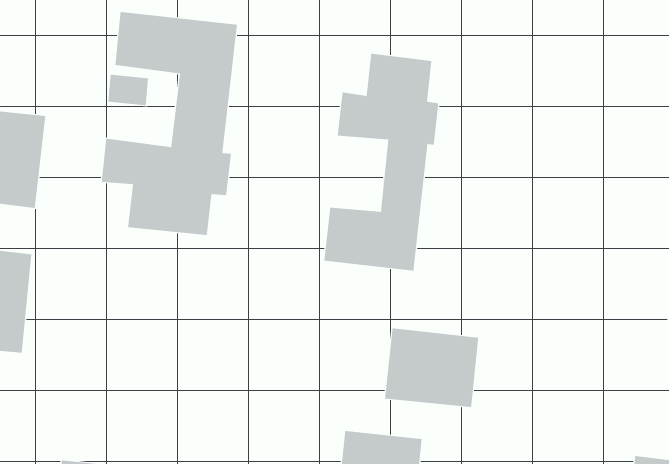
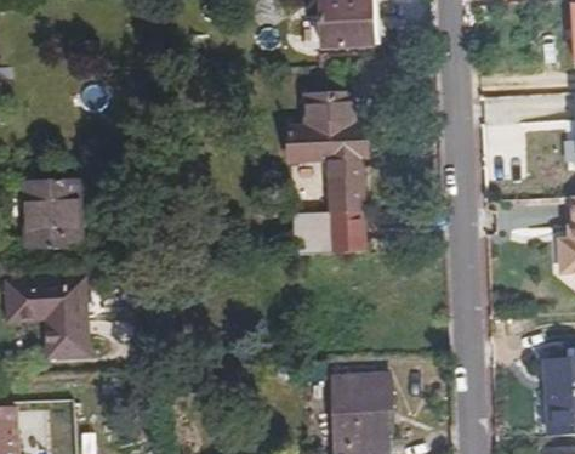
building: [101,11,237,236] -> none
building: [385,328,479,408] -> none

